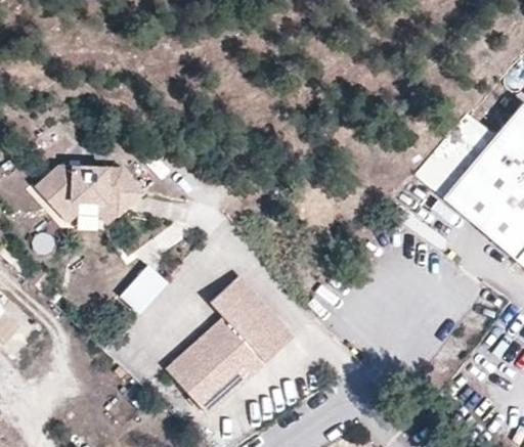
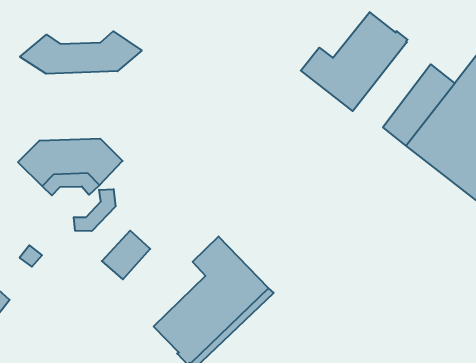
building: none -> [301,12,408,111]
building: none -> [20,31,142,74]
building: none -> [74,189,116,231]

